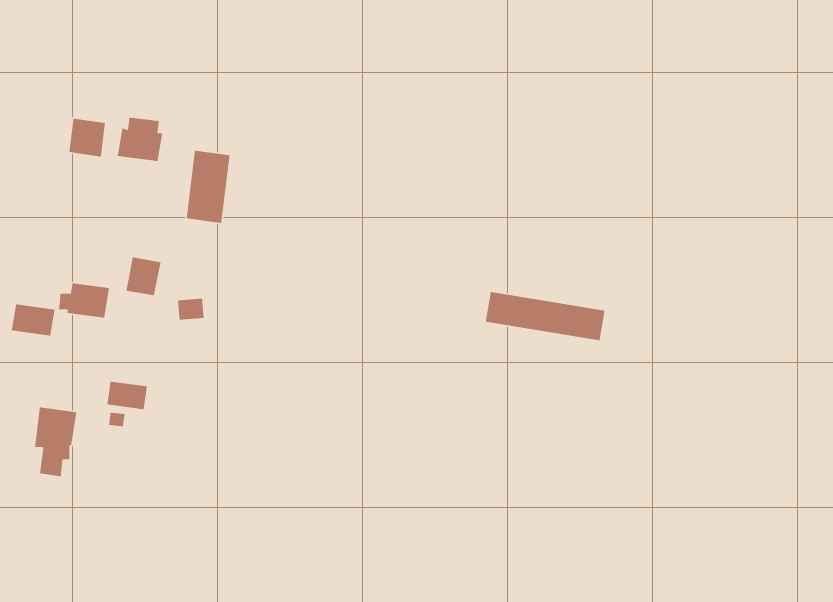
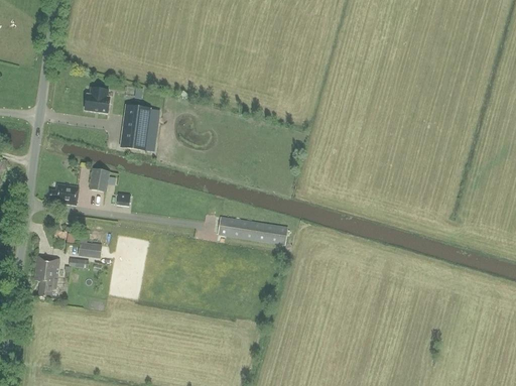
building: [69,118,106,157] -> none
building: [485,291,605,341] -> [218,216,288,245]
building: [11,304,55,336] -> none

